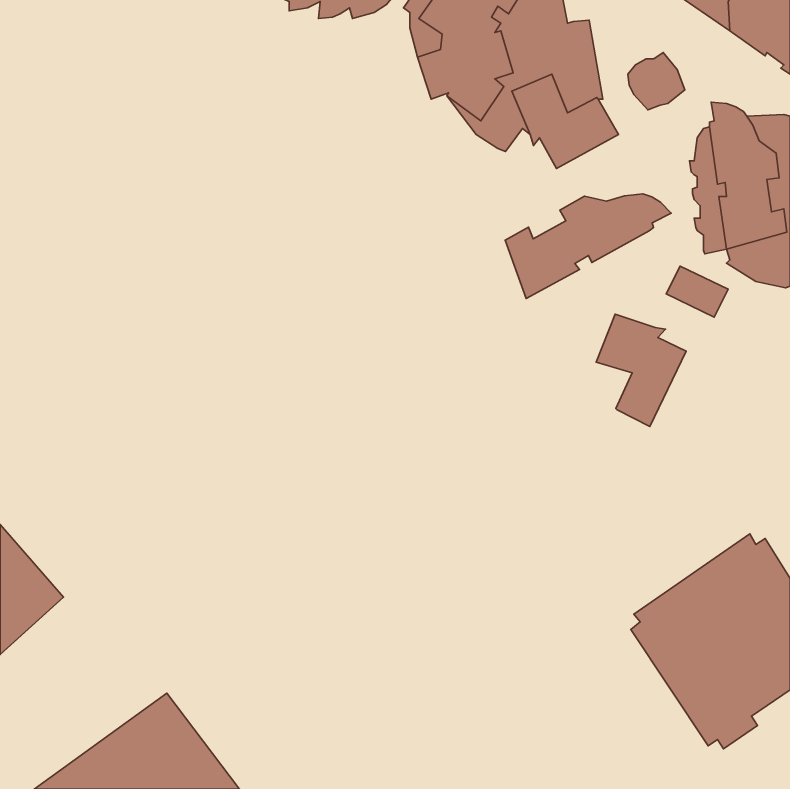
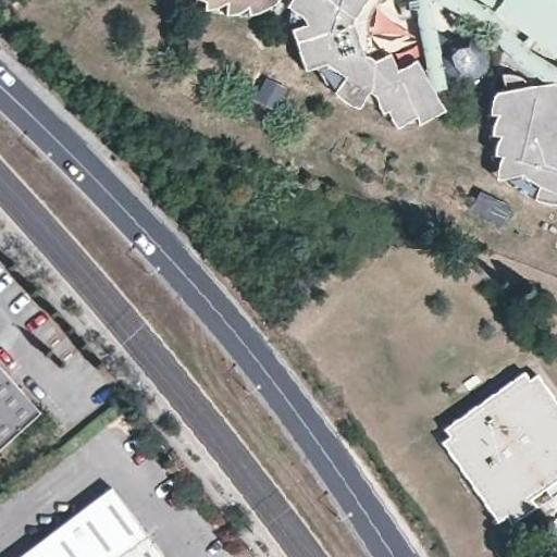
building: [505,194,671,298] -> none
building: [596,314,686,426] -> none

